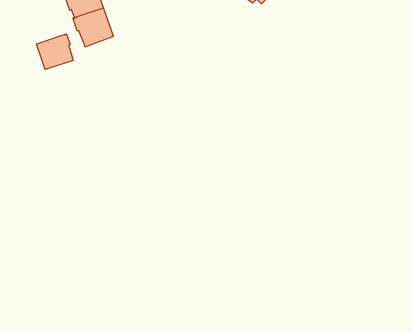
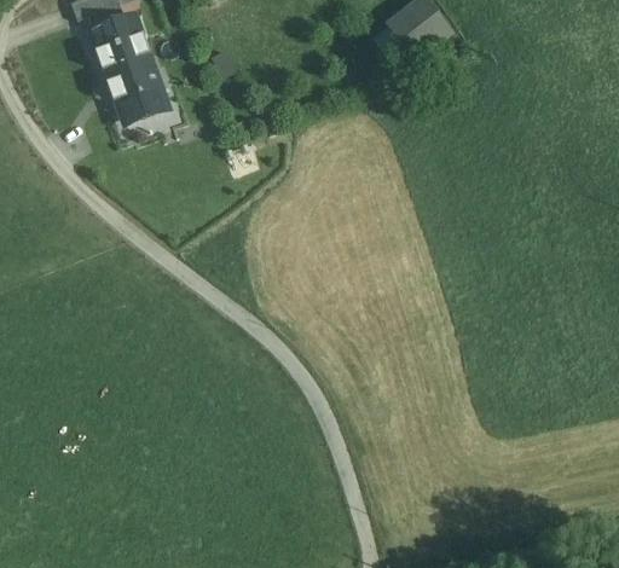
building: [36,34,73,69] -> none

